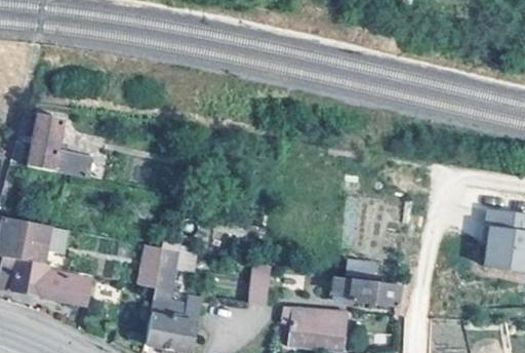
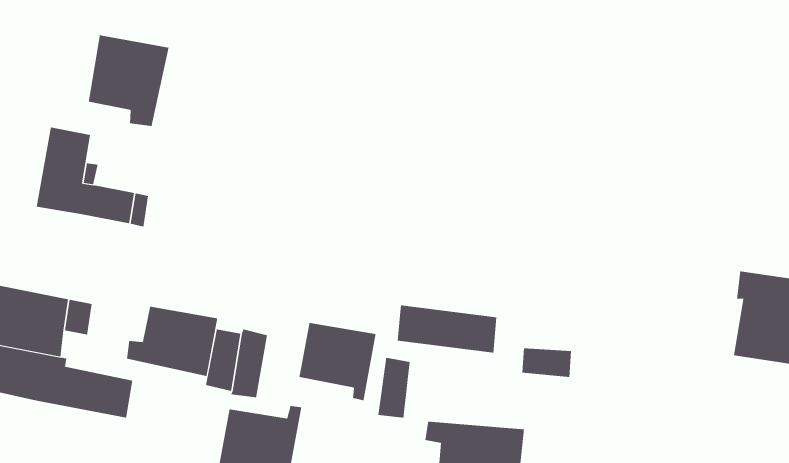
building: none -> [88,34,169,127]
building: none -> [126,306,218,377]
building: none -> [299,322,376,401]
building: [333,276,399,308] -> [397,305,497,353]

